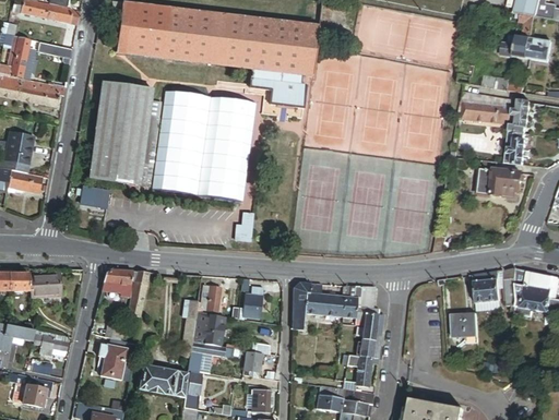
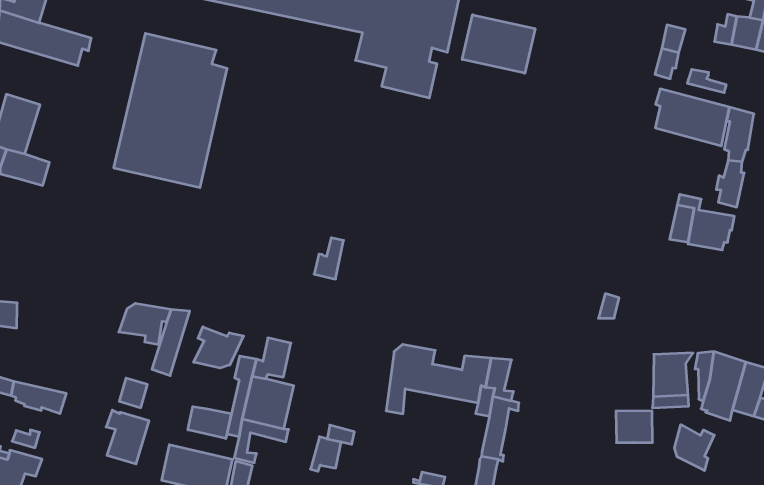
building: none -> [462,15,535,73]
building: [152,88,257,201] -> none
building: [81,188,110,207] -> none
building: [29,276,60,298] -> none
building: none -> [194,327,244,368]
building: [239,287,263,317] -> none
building: none -> [675,425,714,471]
building: none -> [188,407,231,439]

